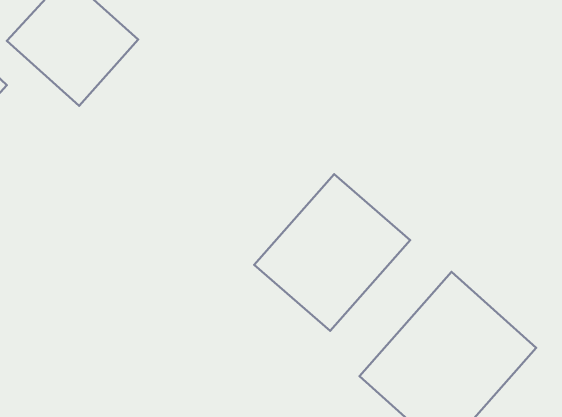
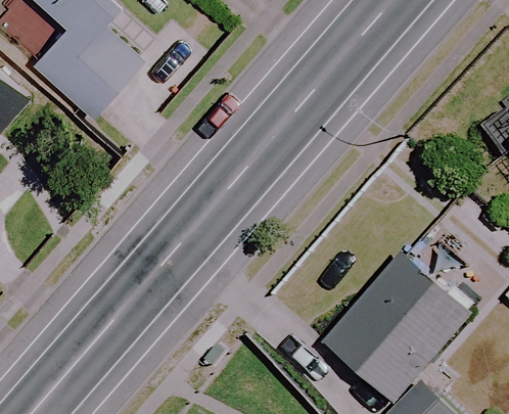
building: [254,174,410,331] -> none

